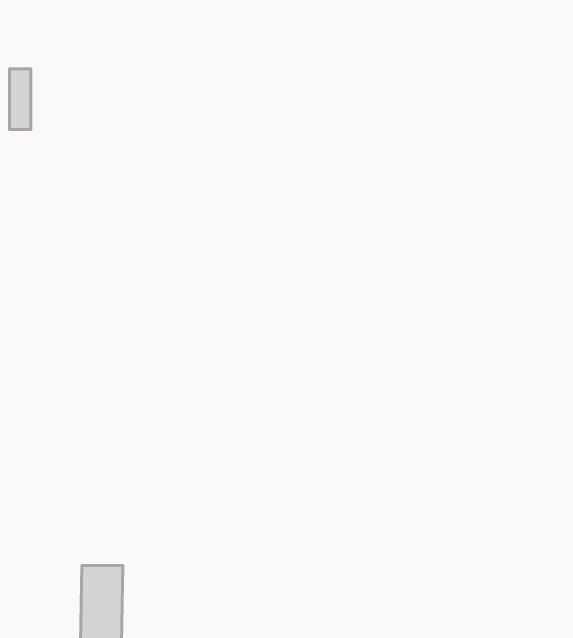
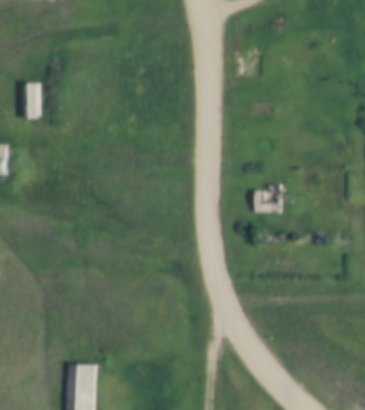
building: none -> [256,189,280,212]

